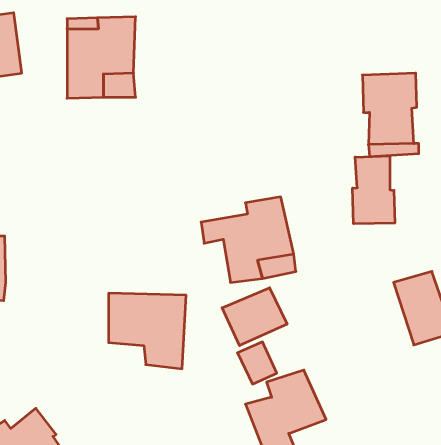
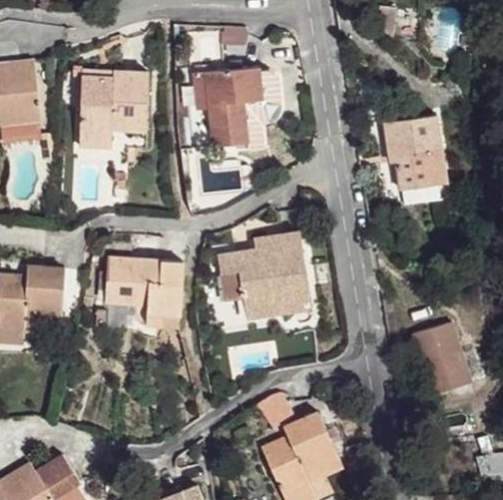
building: none -> [196,63,270,147]
building: [353,156,395,224] -> none
building: none -> [22,270,61,329]
building: [222,288,287,346] -> none
building: [109,293,186,369] -> [108,258,185,333]

